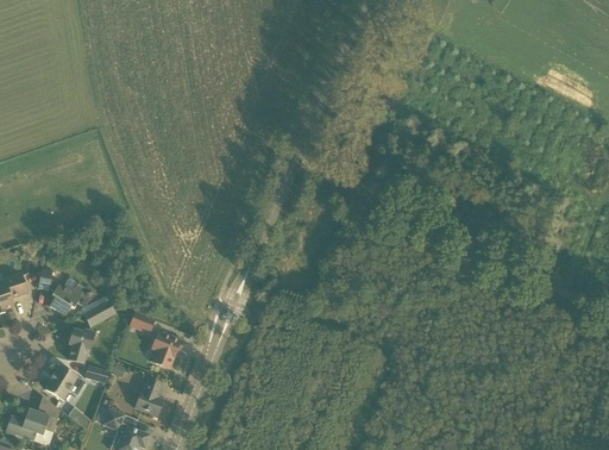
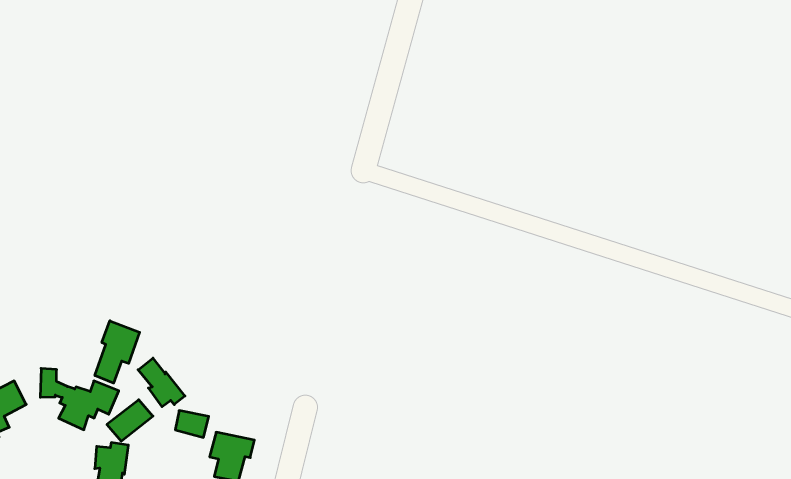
building: none -> [95,321,140,383]
building: none -> [138,358,185,407]

